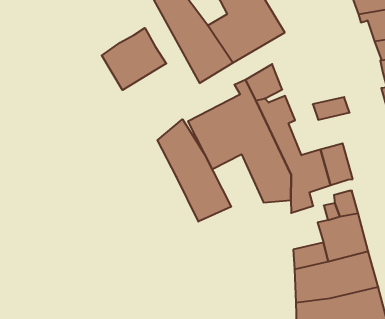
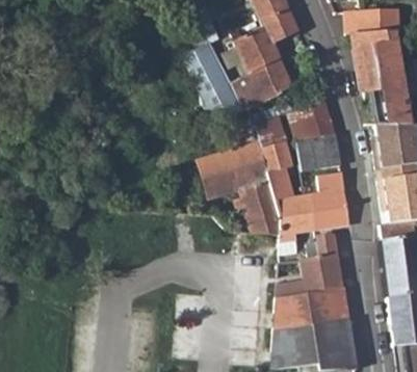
building: [102,28,166,90] -> none
building: none -> [286,96,336,141]
building: none -> [318,170,350,225]
building: [157,119,231,222] -> none

